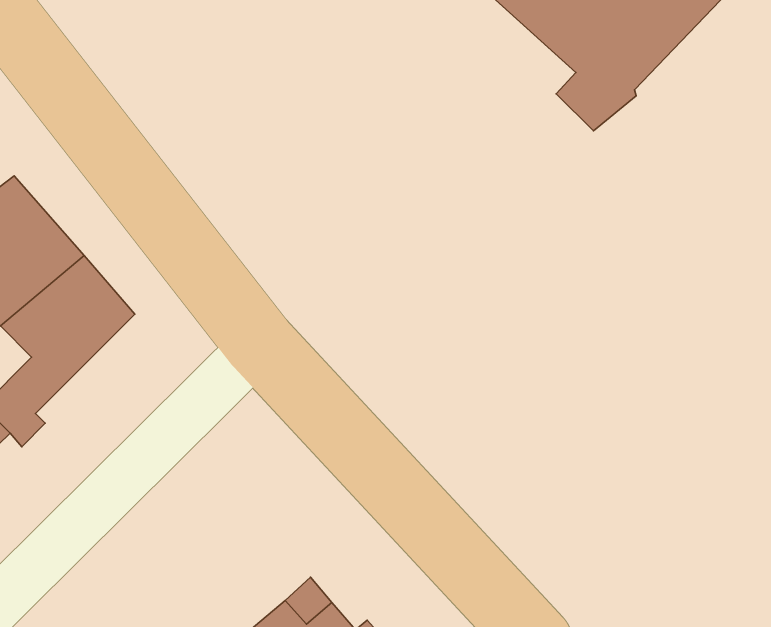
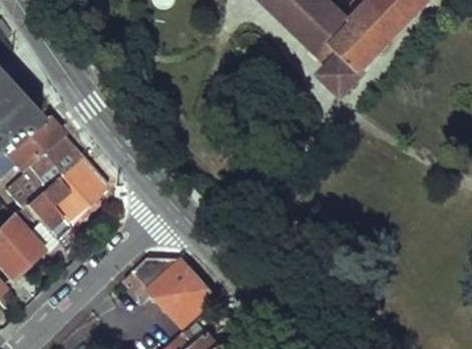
building: none -> [122,260,213,326]

